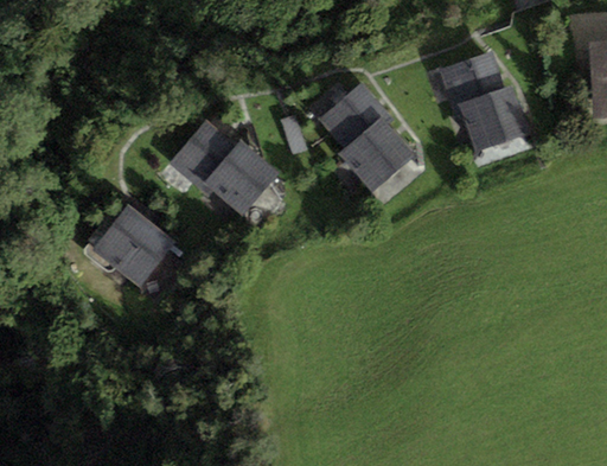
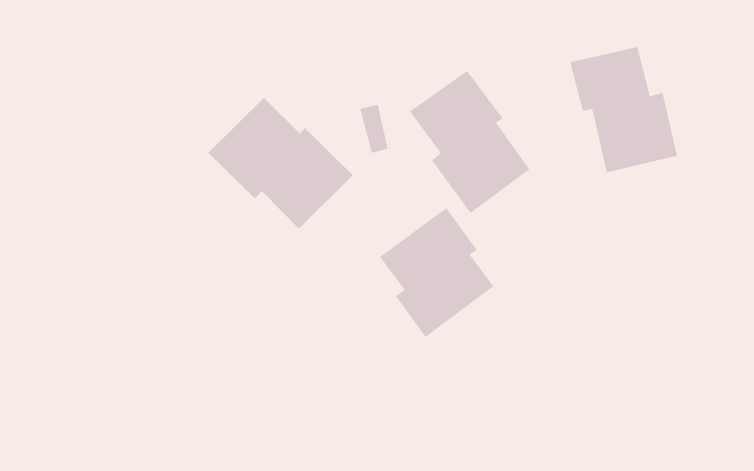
building: none -> [379,207,494,338]
building: [92,205,179,291] -> none

